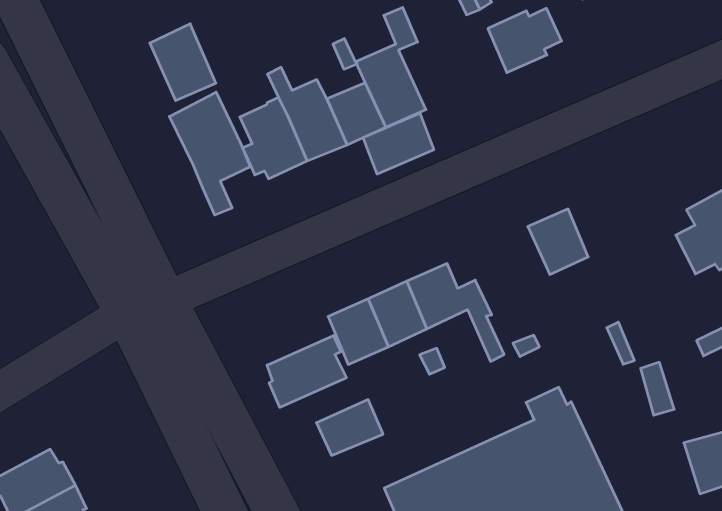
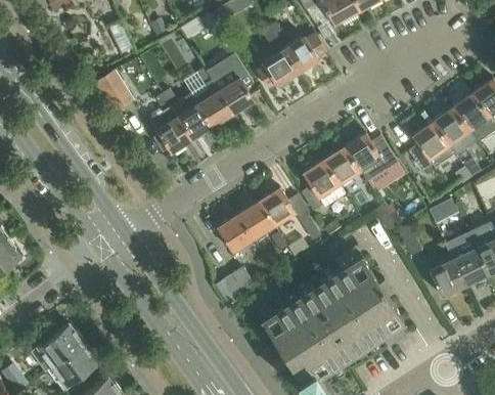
building: none -> [261,50,298,88]
building: [169,92,250,215] -> none
building: [363,113,434,174] -> none
building: none -> [344,133,397,182]
building: none -> [301,160,345,210]
building: [267,335,346,407] -> none

